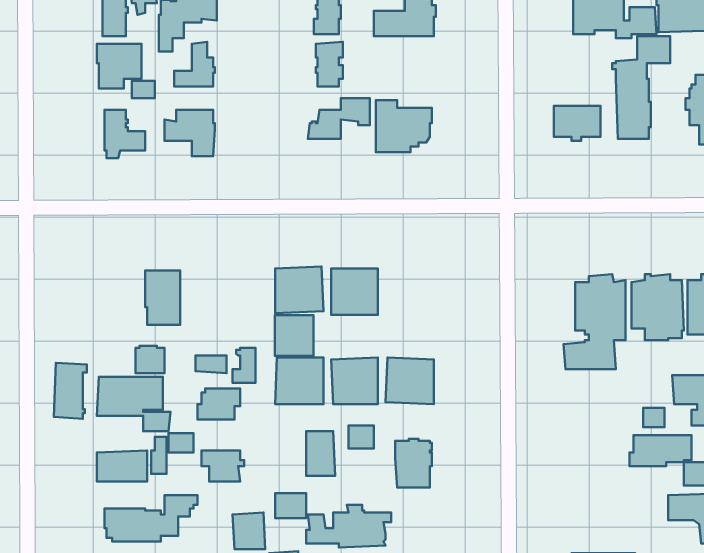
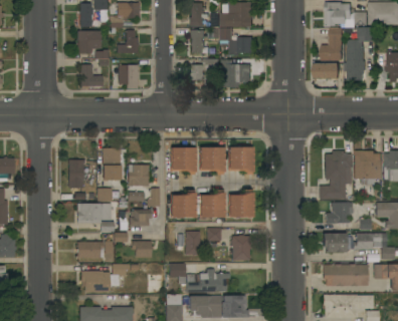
building: none -> [220,28,251,55]
building: none -> [321,28,342,61]
building: none -> [226,146,252,172]
building: [275,315,313,356] -> [128,166,148,187]
building: [54,363,87,419] -> [67,159,84,189]
building: none -> [326,203,353,224]
building: none -> [323,234,346,253]
building: none -> [326,265,367,286]

